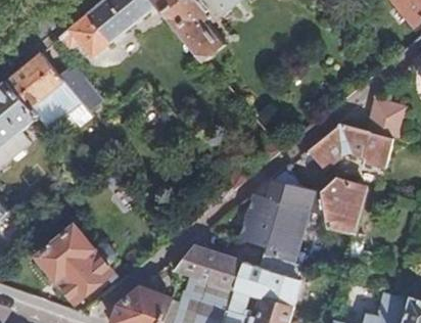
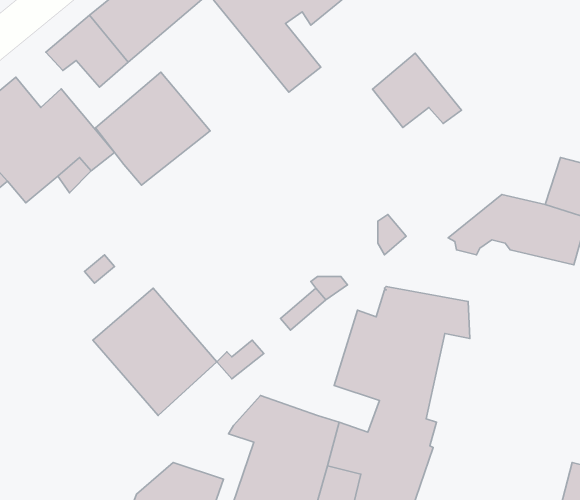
building: none -> [373,53,462,128]
building: none -> [96,72,210,185]
building: [318,176,354,232] -> none
building: [40,224,115,302] -> [93,288,217,416]

